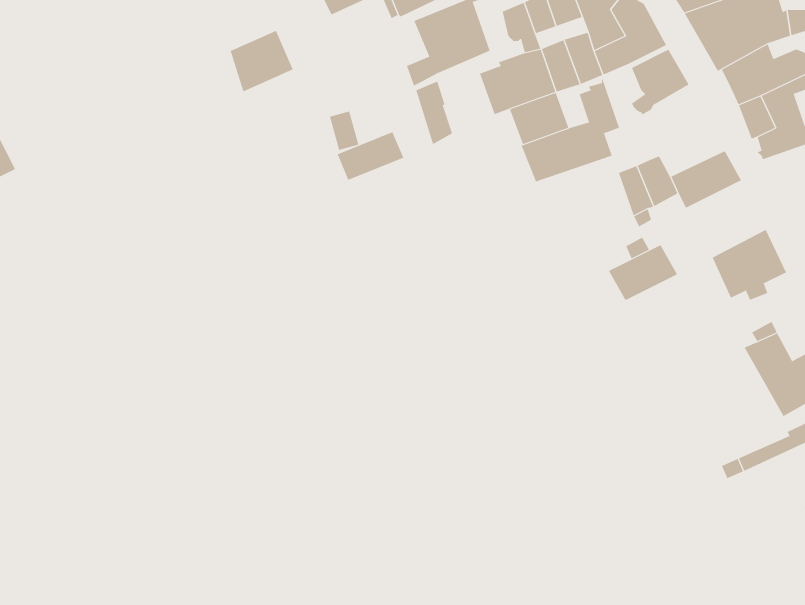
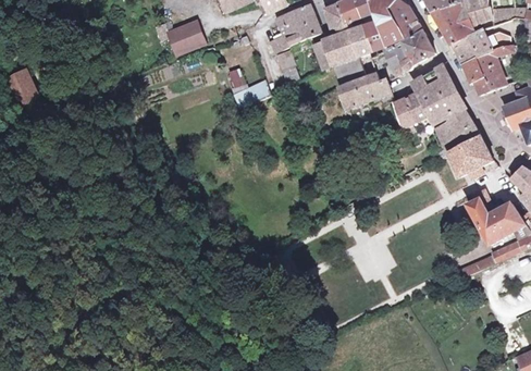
building: none -> [385,41,409,76]
building: none -> [413,64,456,104]
building: [608,244,678,301] -> [433,108,473,140]

